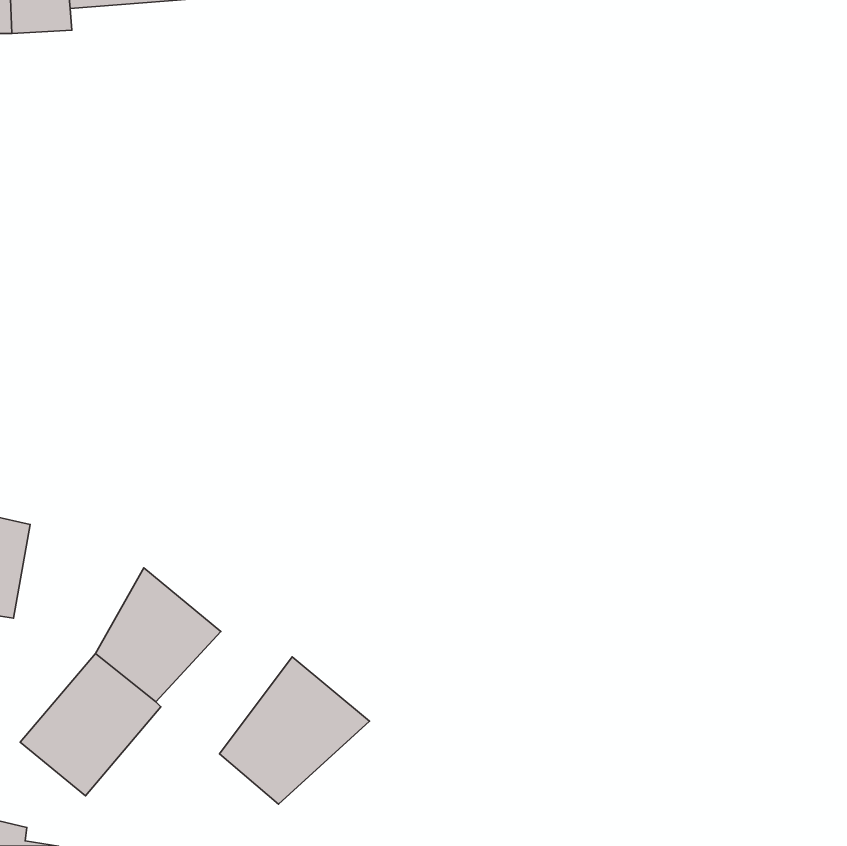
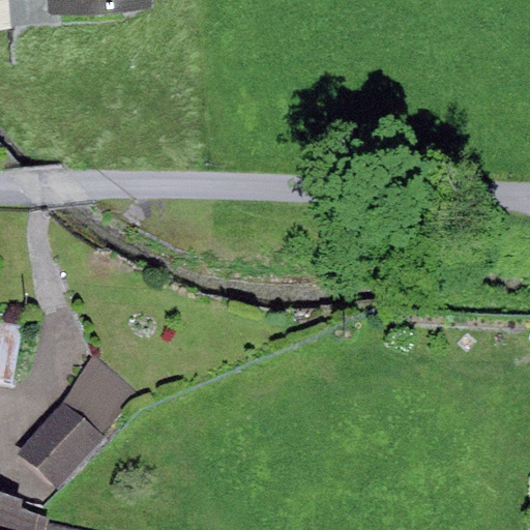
building: [219,657,370,804] -> none

